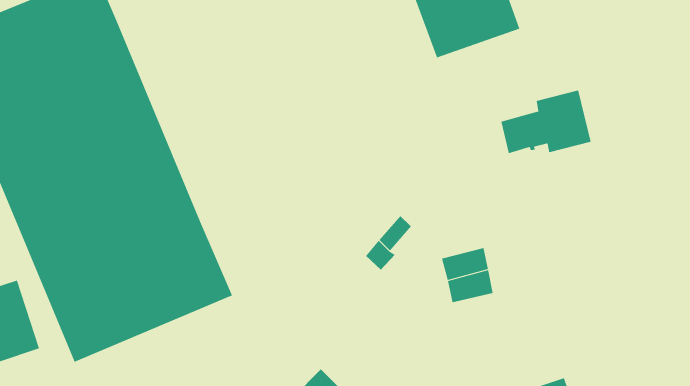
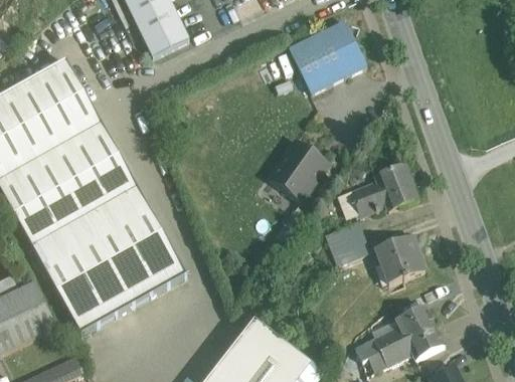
building: [500,90,592,154] -> [352,164,417,214]
building: none -> [269,140,328,201]
building: none -> [375,235,424,280]

